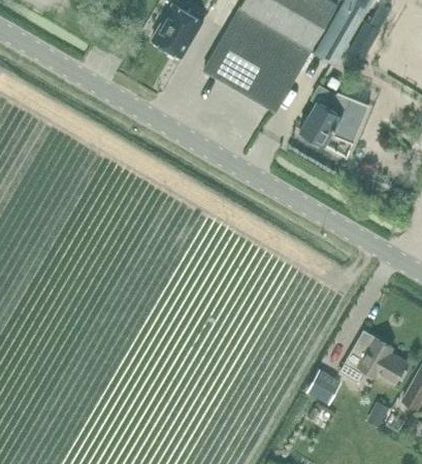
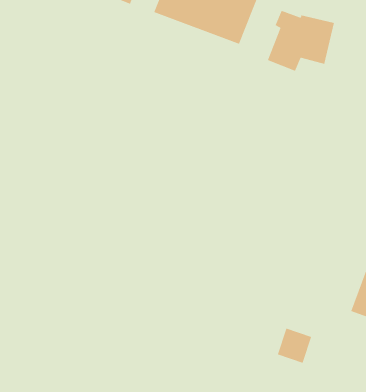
building: [307,368,343,404] -> [277,327,312,364]

